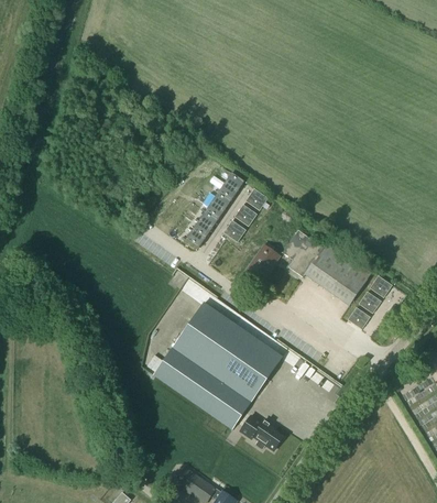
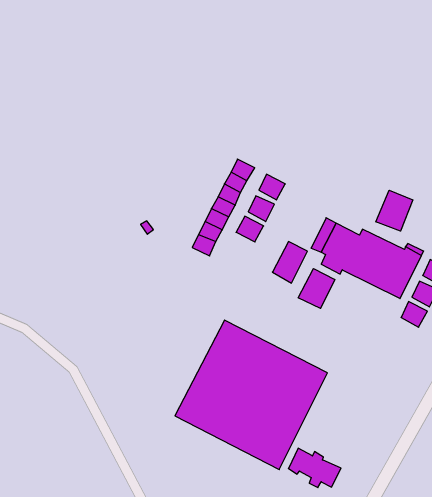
building: none -> [376,190,413,231]
building: none -> [298,269,335,308]

